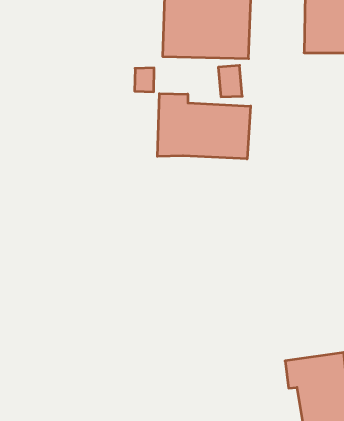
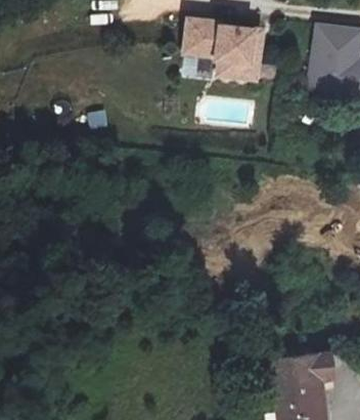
building: [157,94,251,159] -> none

